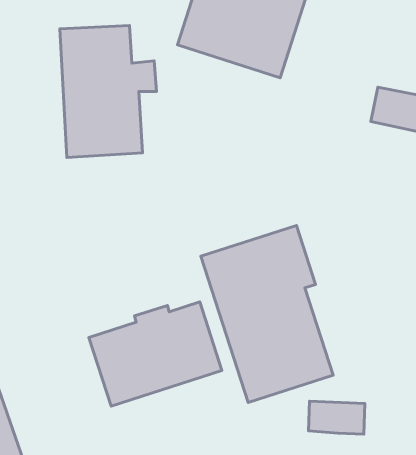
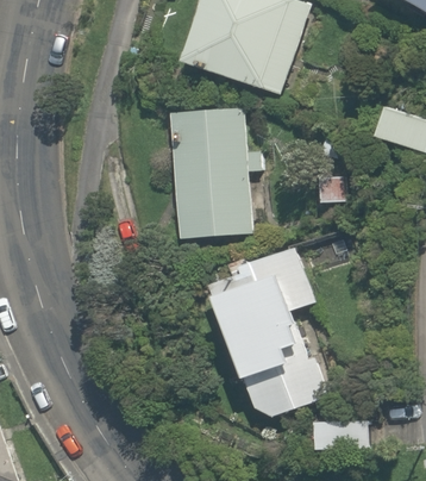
building: [60,25,157,158] -> [169,107,267,240]
building: [89,302,222,406] -> none

